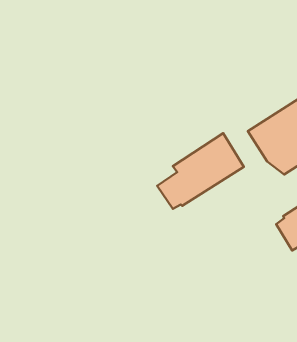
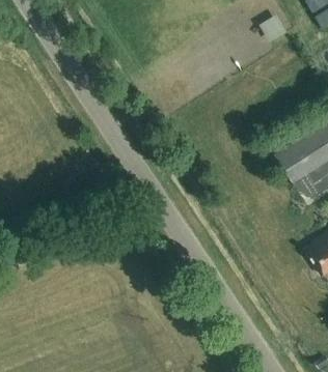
building: [157,133,244,209] -> none

